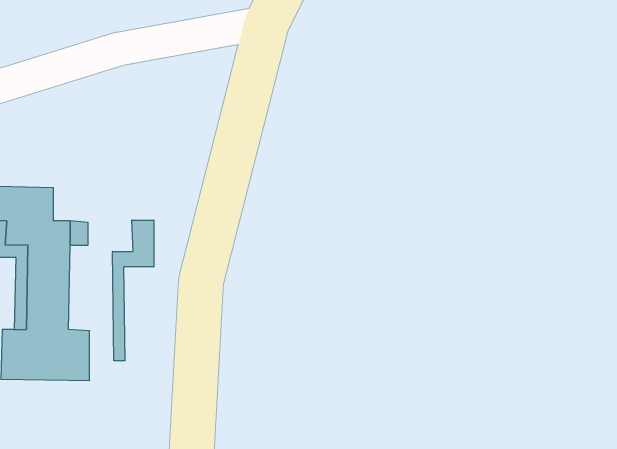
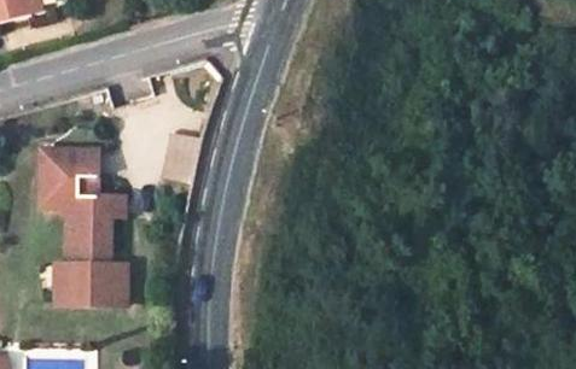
building: [113,220,154,361] -> none

